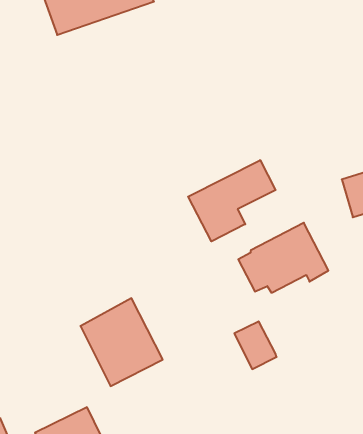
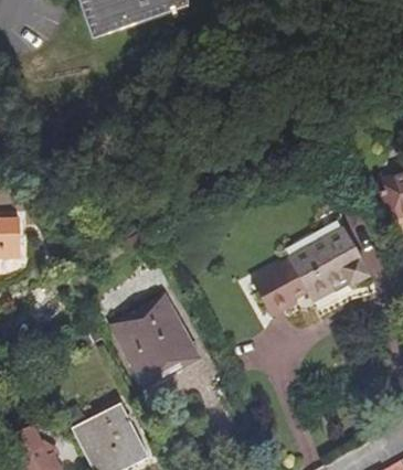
building: [188,160,276,241] -> none
building: [234,321,277,369] -> [250,259,291,307]

